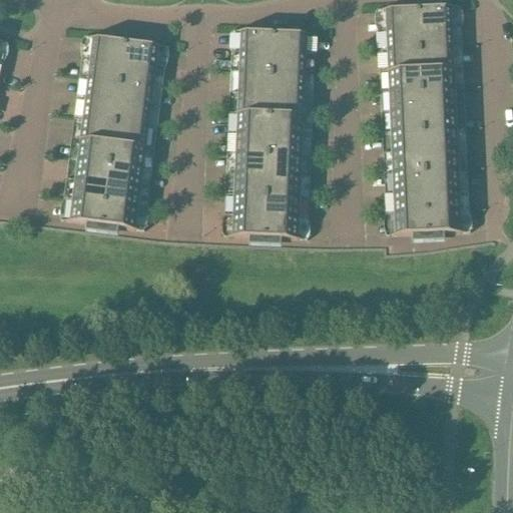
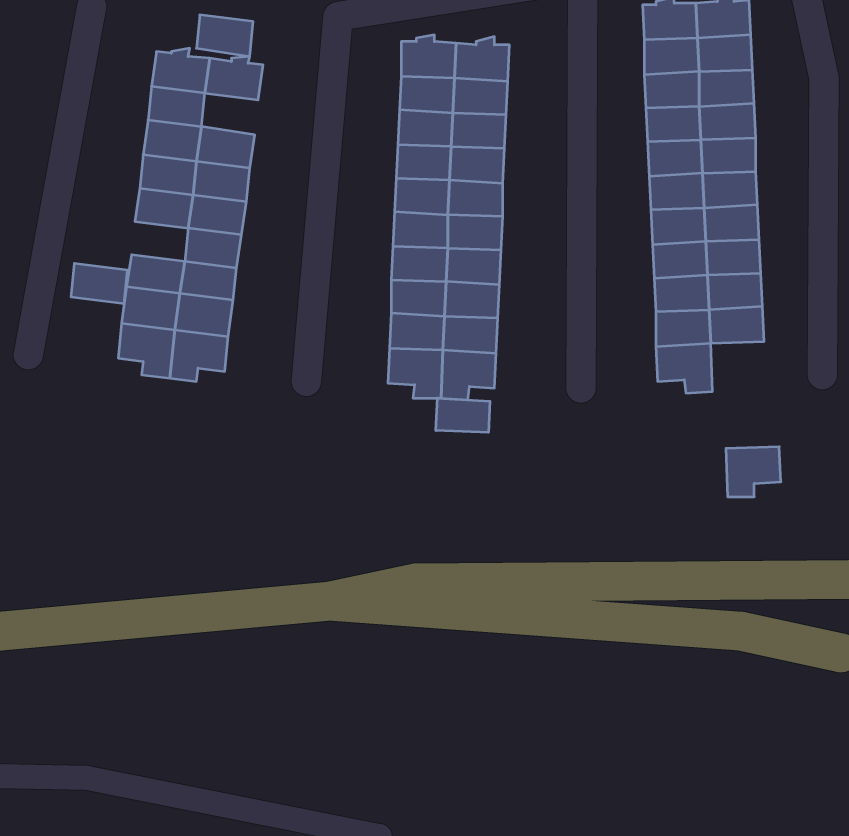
building: [122,56,156,81] -> [196,15,253,57]
building: [80,133,114,157] -> [71,263,128,303]
building: [429,205,462,235] -> [726,447,781,497]
building: none -> [436,398,490,432]

